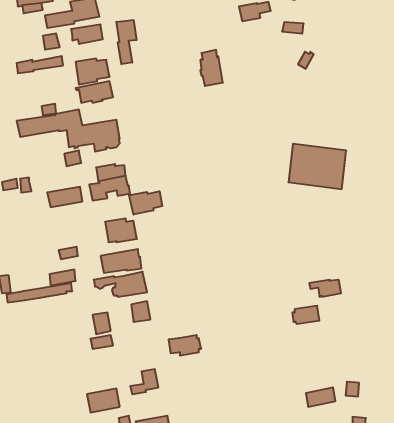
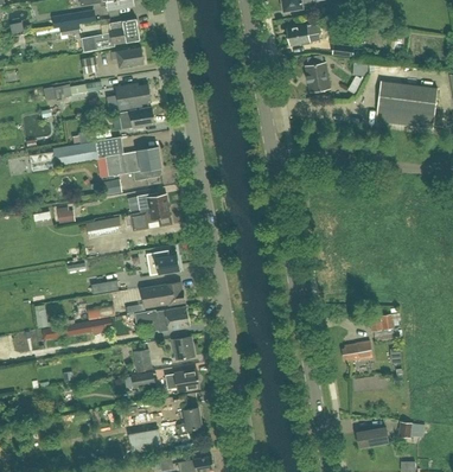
building: [116,20,137,64] -> none
building: [200,50,223,86] -> [305,55,328,93]
building: [288,144,346,189] -> [375,81,435,128]
building: [129,191,162,215] -> none
building: [168,335,201,355] -> [165,370,199,391]

